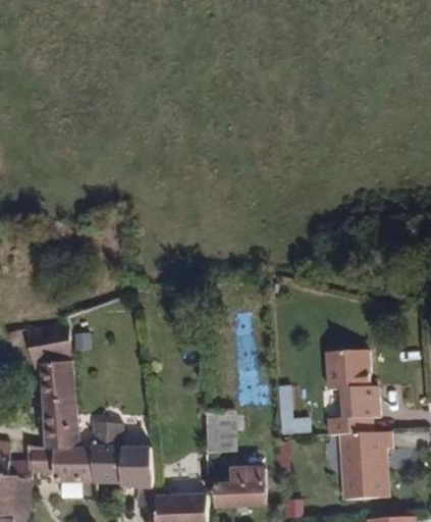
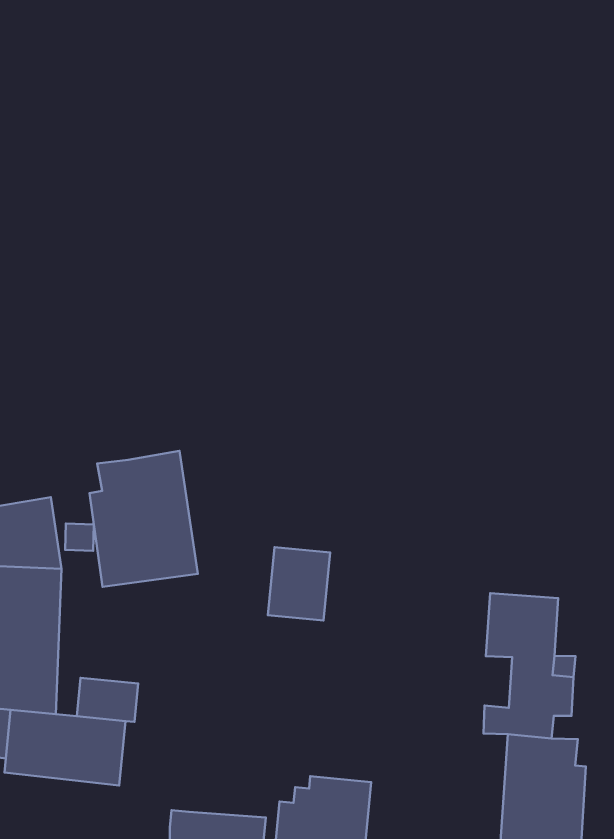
building: none -> [90,451,198,587]
building: [280,386,313,434] -> none
building: [207,413,239,453] -> [268,547,330,621]
building: [120,446,154,488] -> none

